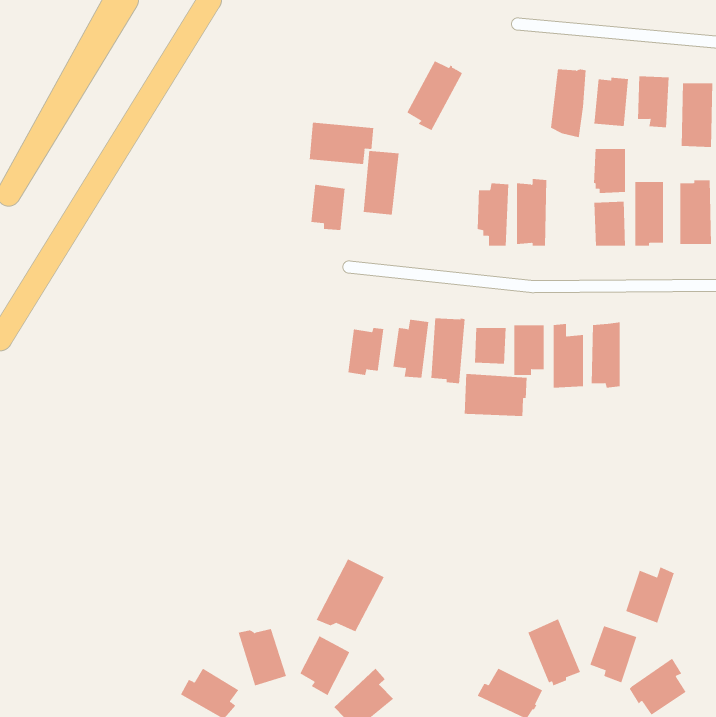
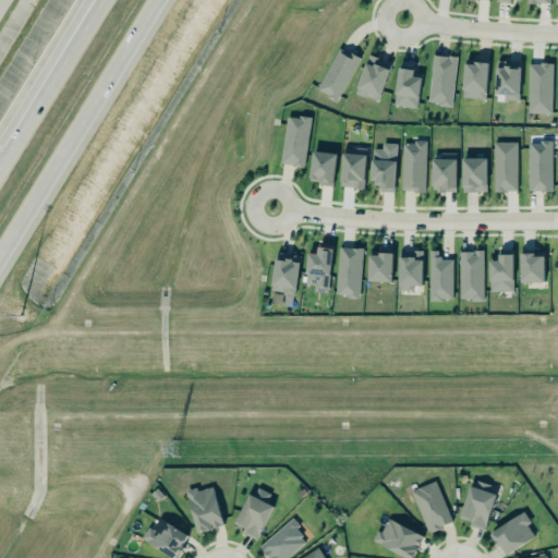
building: none -> [355,54,391,100]
building: none -> [393,66,422,109]
building: [309,122,374,165] -> none
building: [593,148,626,193] -> [432,158,457,193]
building: [310,184,346,231] -> [310,150,337,186]
building: none -> [340,153,366,190]
building: none -> [521,253,545,283]
building: none -> [489,254,513,292]
building: [464,373,527,417] -> none
building: [316,558,385,632] -> none
building: [625,567,674,624] -> none

